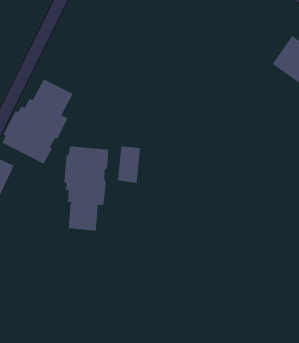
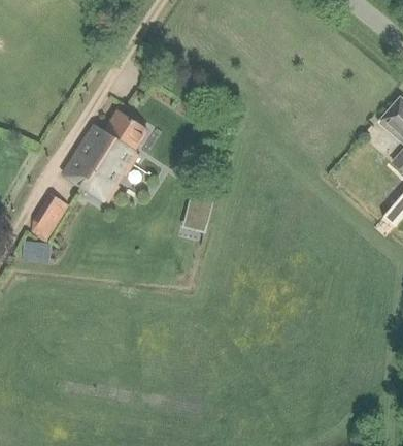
building: [64,146,109,232] -> none

